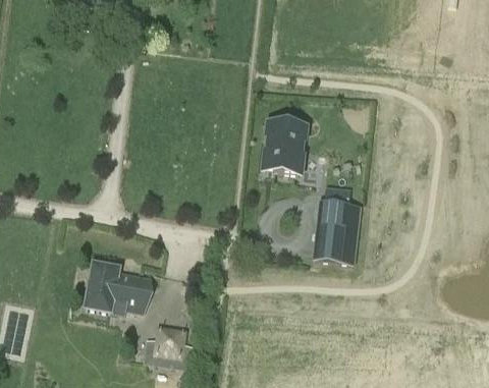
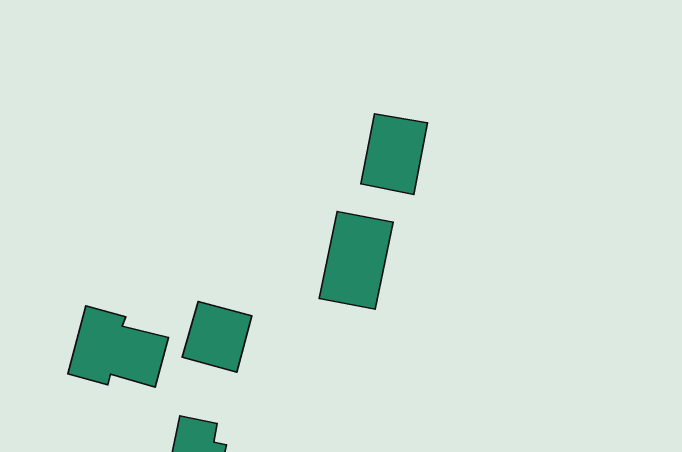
building: [317,197,361,258] -> [319,211,393,309]
building: none -> [182,301,252,372]

